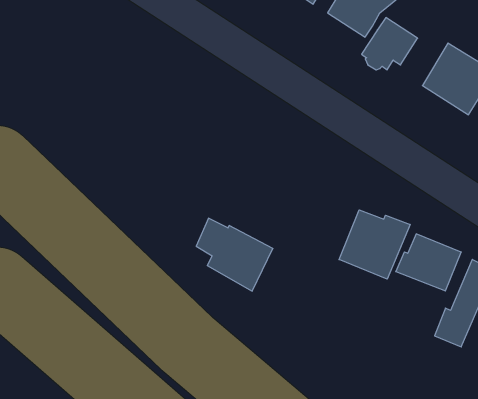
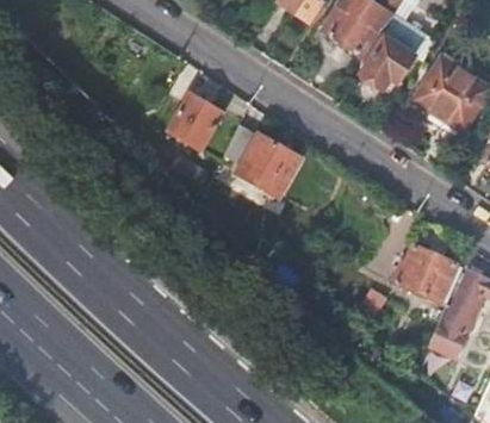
building: none -> [170,94,223,150]
building: [339,210,410,279] -> none
building: [196,218,273,291] -> [227,125,302,197]

